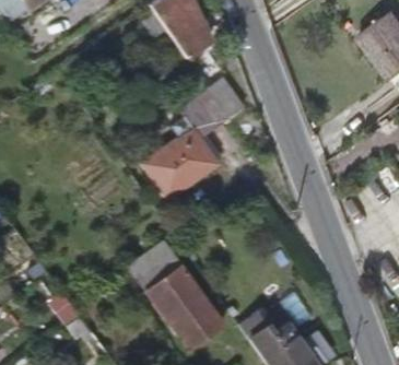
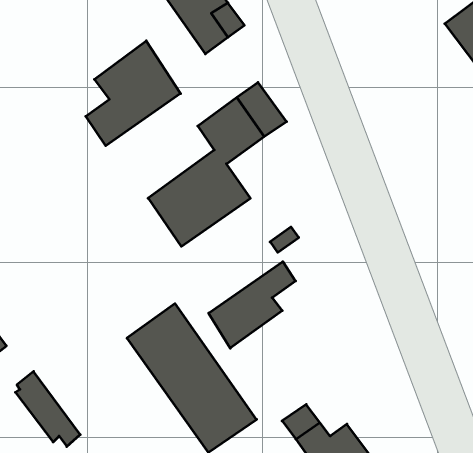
building: none -> [86,41,181,146]
building: none -> [209,262,296,348]

